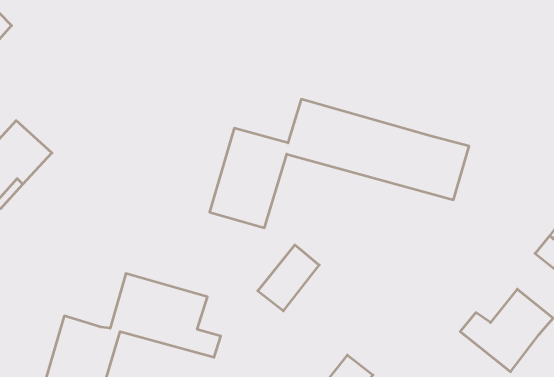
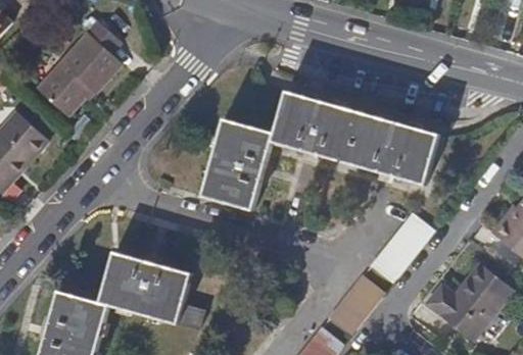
building: none -> [37,18,124,114]
building: none -> [371,213,433,283]
building: [258,245,319,311] -> [328,275,384,336]

